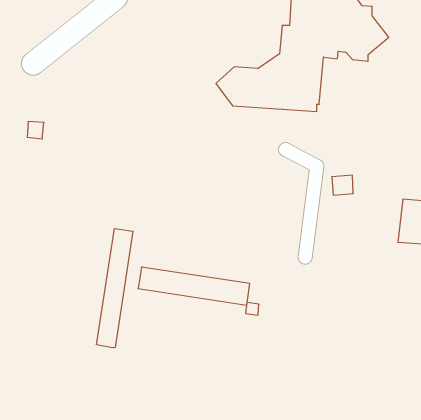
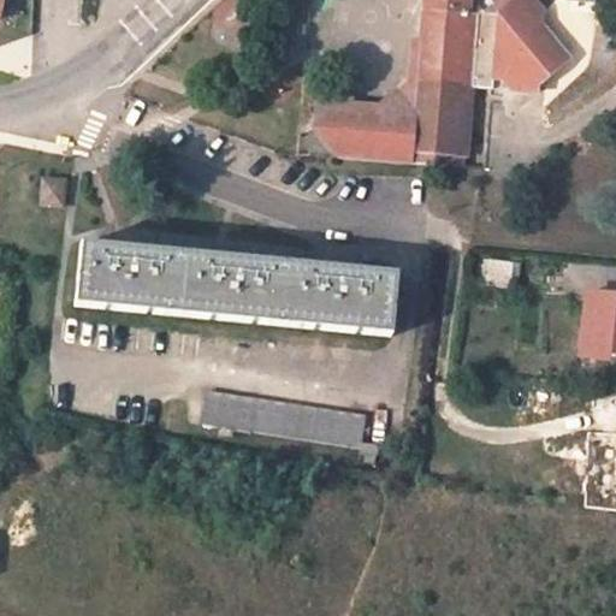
building: none -> [77,242,397,331]
building: [97,229,133,348] -> none

